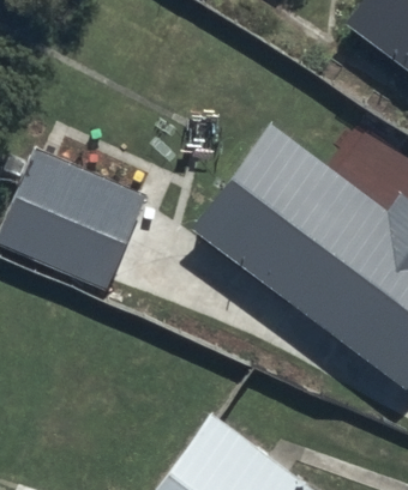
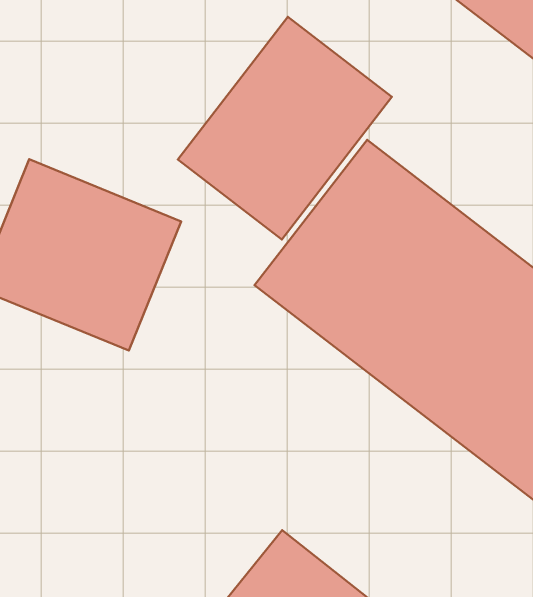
building: none -> [178,17,392,240]

